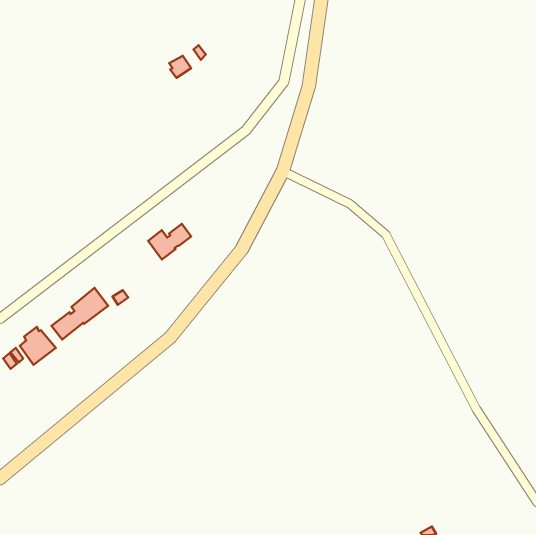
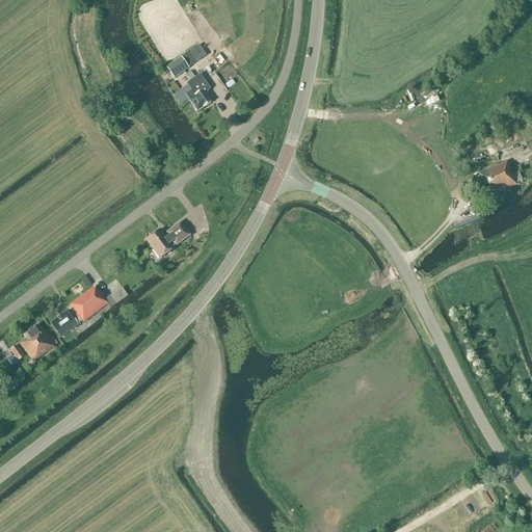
building: none -> [186,73,212,110]
building: none -> [479,160,523,194]

